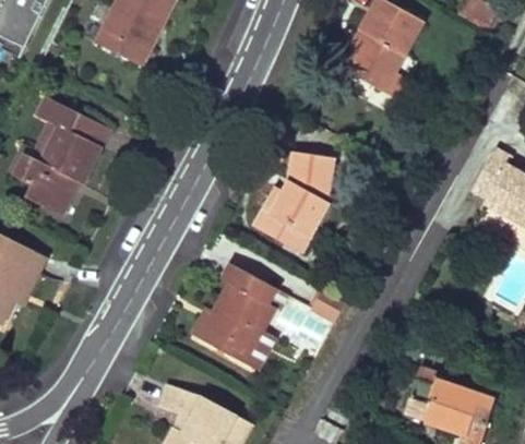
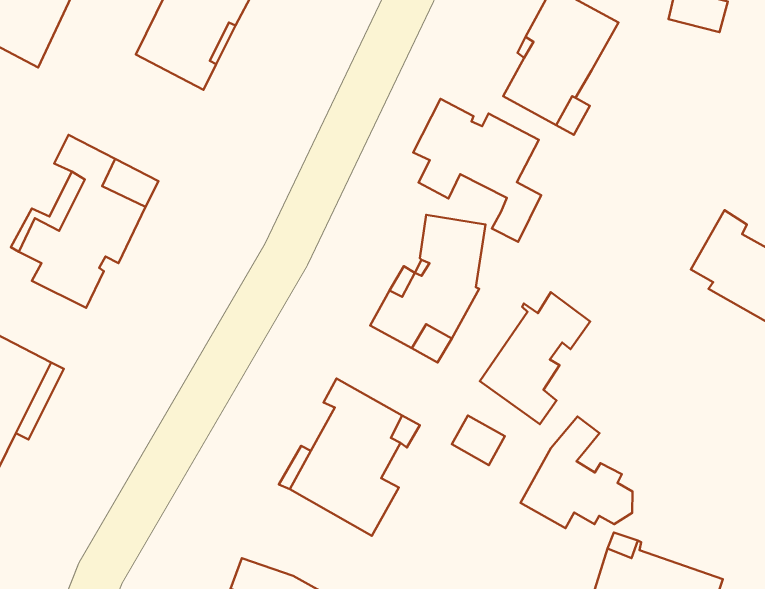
building: none -> [413,99,541,242]
building: none -> [480,292,590,424]
building: none -> [520,417,632,528]

